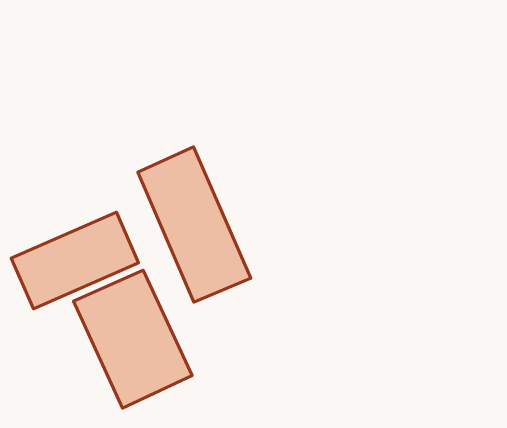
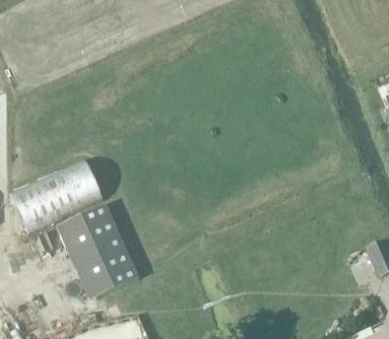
building: [138,147,251,302] -> none

